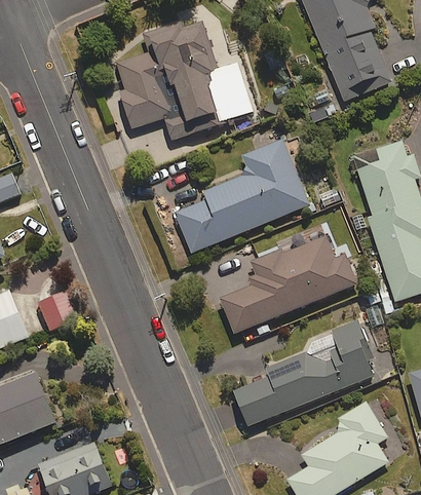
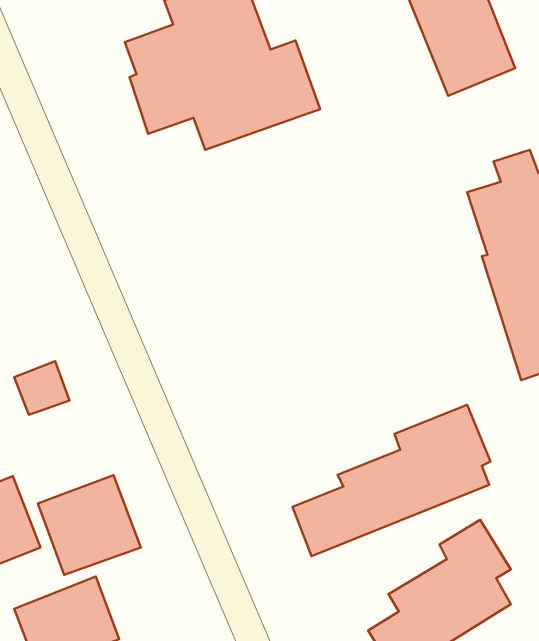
building: [174,138,308,252] -> none
building: [219,235,358,334] -> none
building: none -> [38,475,141,575]

